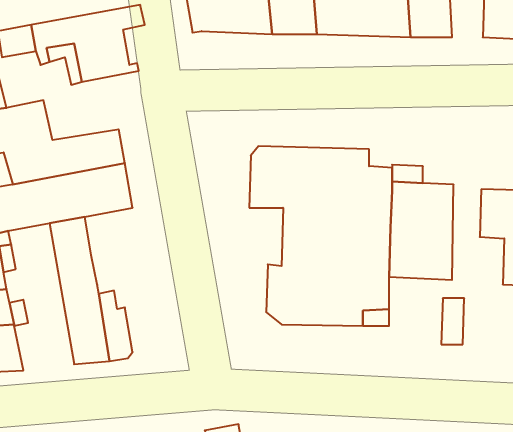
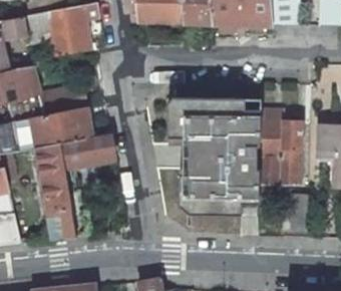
building: none -> [60,132,114,168]

